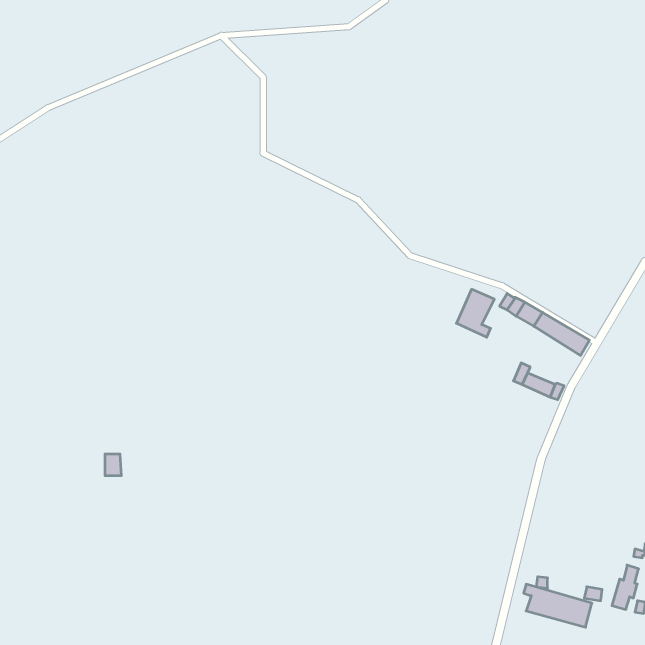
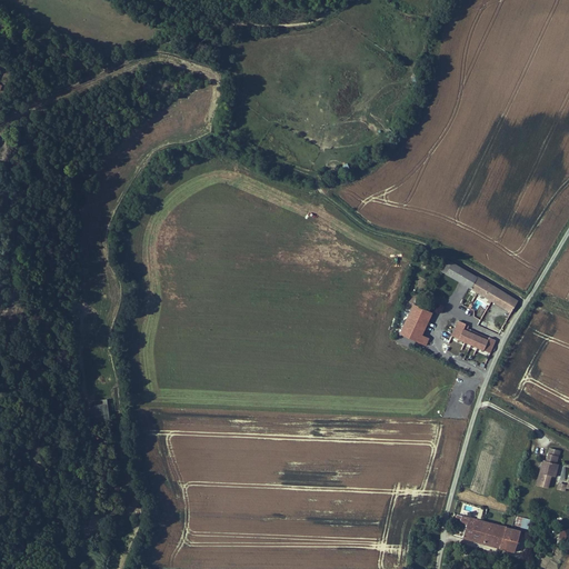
building: [456,289,494,337] -> [399,303,432,346]
building: [612,565,639,609] -> [536,448,559,487]

